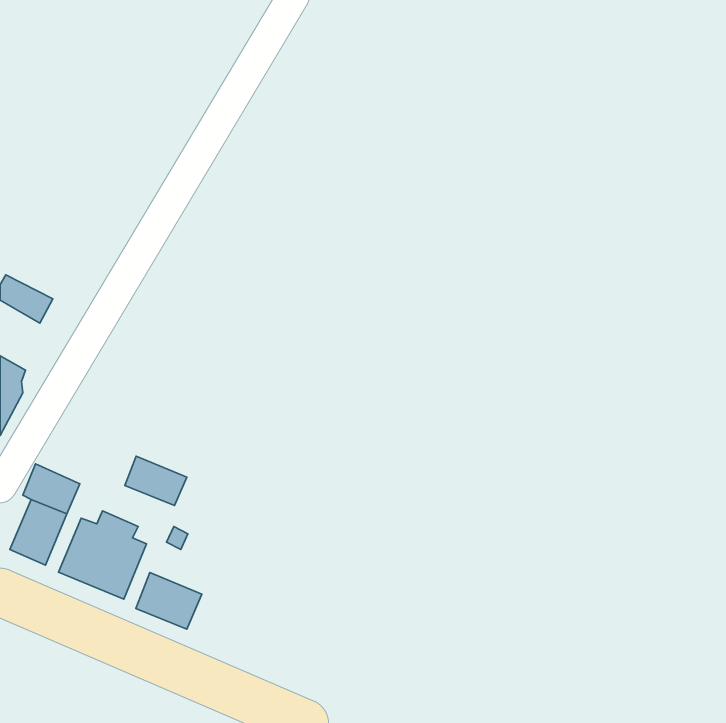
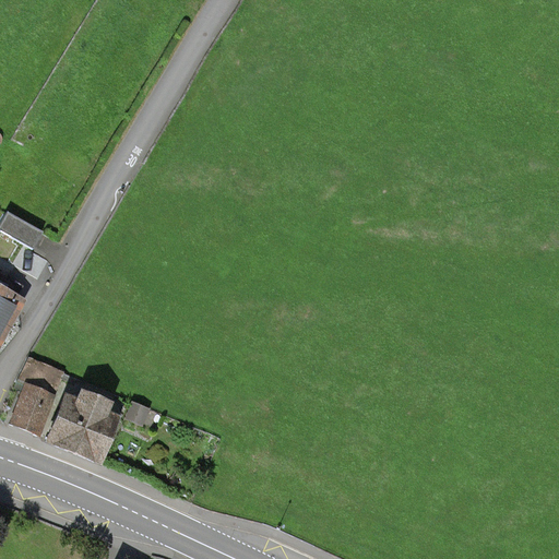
building: [125,456,187,505] -> none
building: [136,573,202,629] -> none

